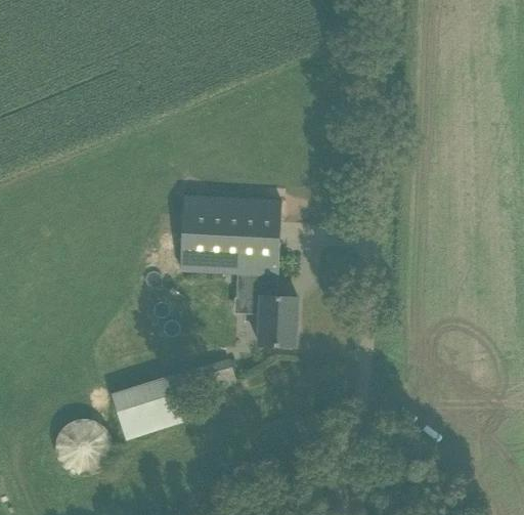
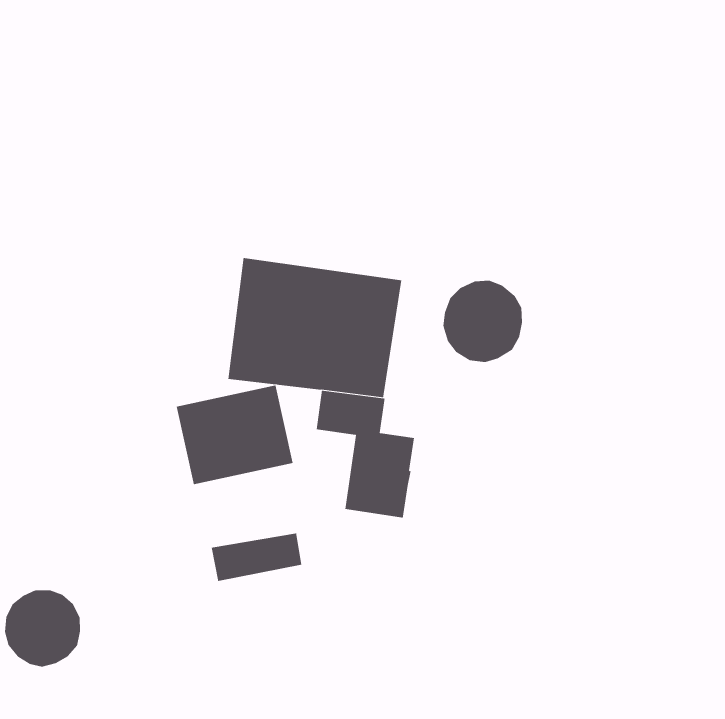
building: none -> [443,280,523,363]
building: [113,373,188,439] -> [176,385,293,485]

